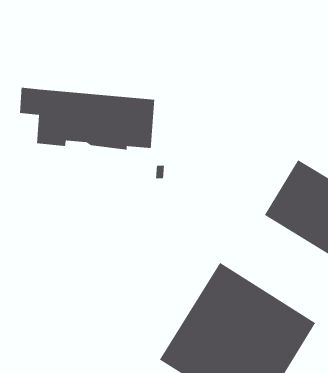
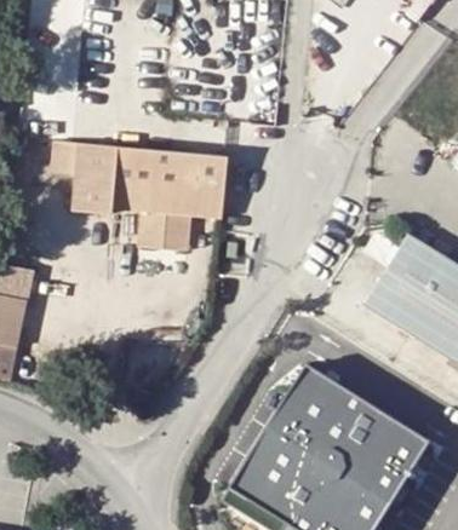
building: none -> [137,213,190,249]

